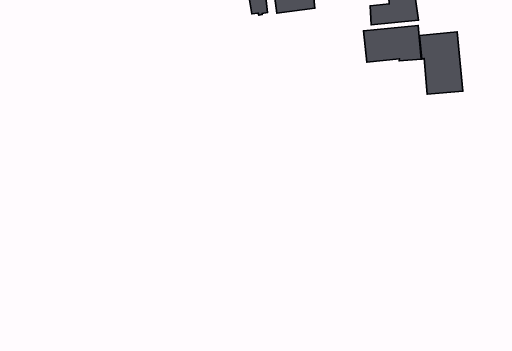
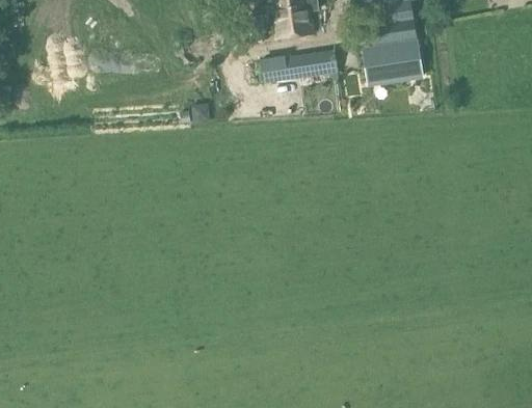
building: none -> [261,50,339,85]
building: [419,32,463,94] -> none

